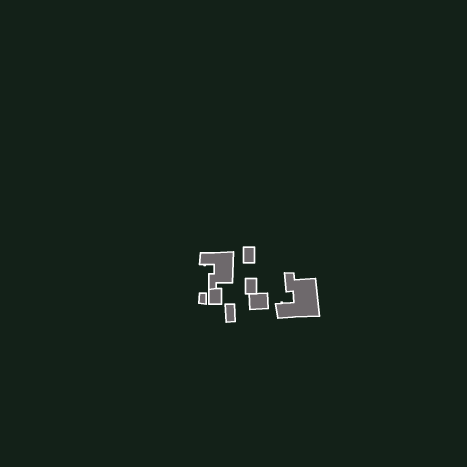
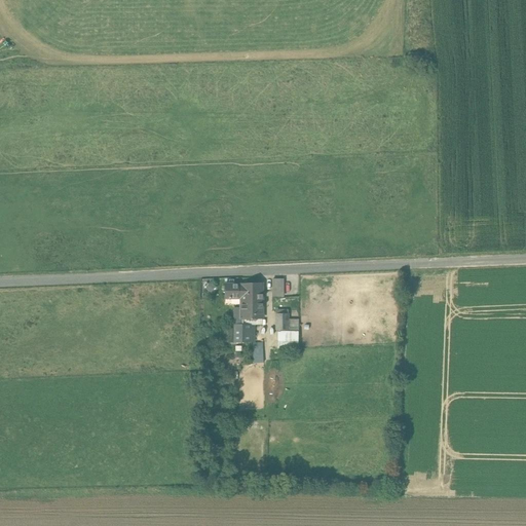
building: [275,273,320,318] -> none

